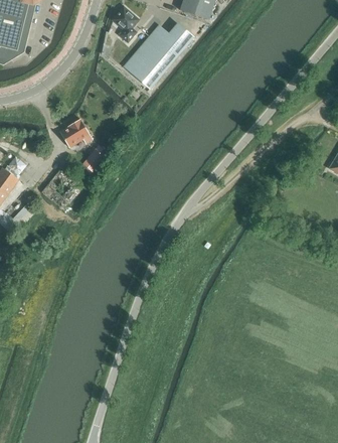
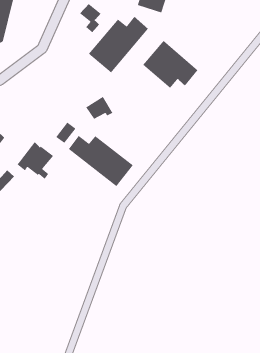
building: none -> [142,40,199,89]
building: [60,119,94,147] -> [85,96,114,120]
building: none -> [68,135,134,187]

